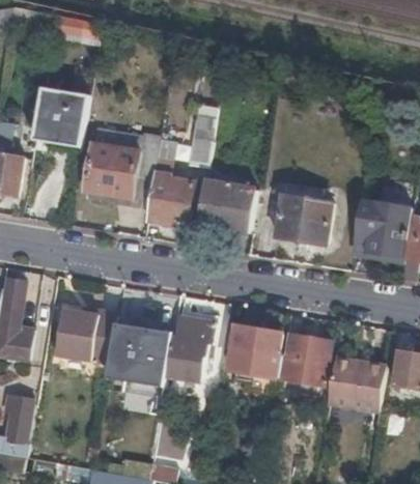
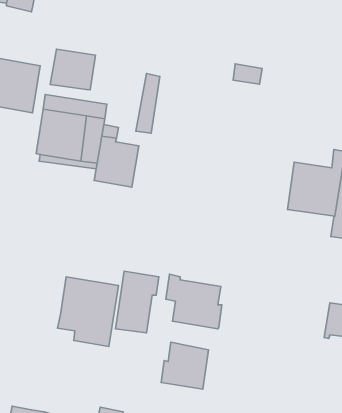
building: none -> [50,49,95,90]
building: [197,180,255,231] -> none
building: [274,194,331,244] -> none
building: [56,309,117,363] -> none
building: [279,333,330,383] -> [161,342,209,389]
building: [327,357,386,411] -> none

